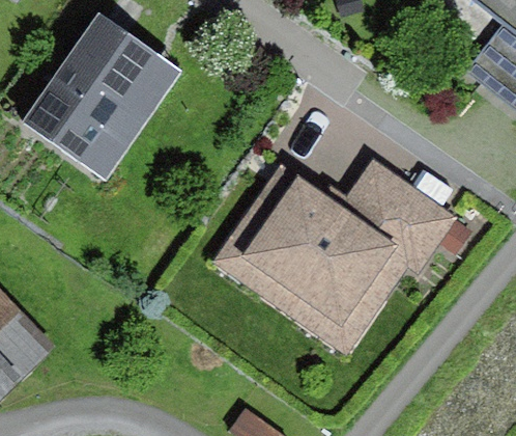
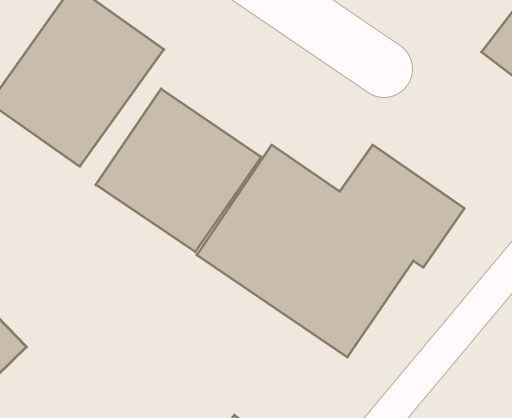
building: none -> [96,89,261,252]

